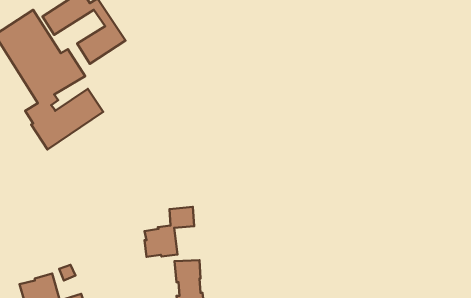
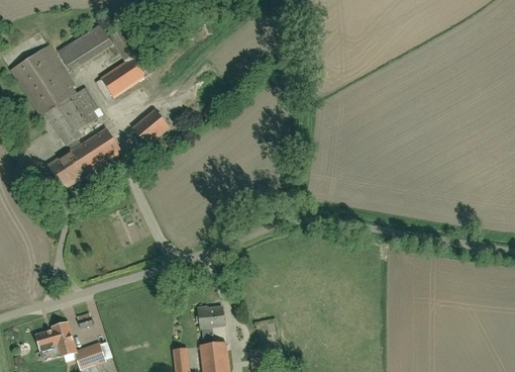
building: none -> [132,108,169,143]
building: [144,207,194,257] -> none

